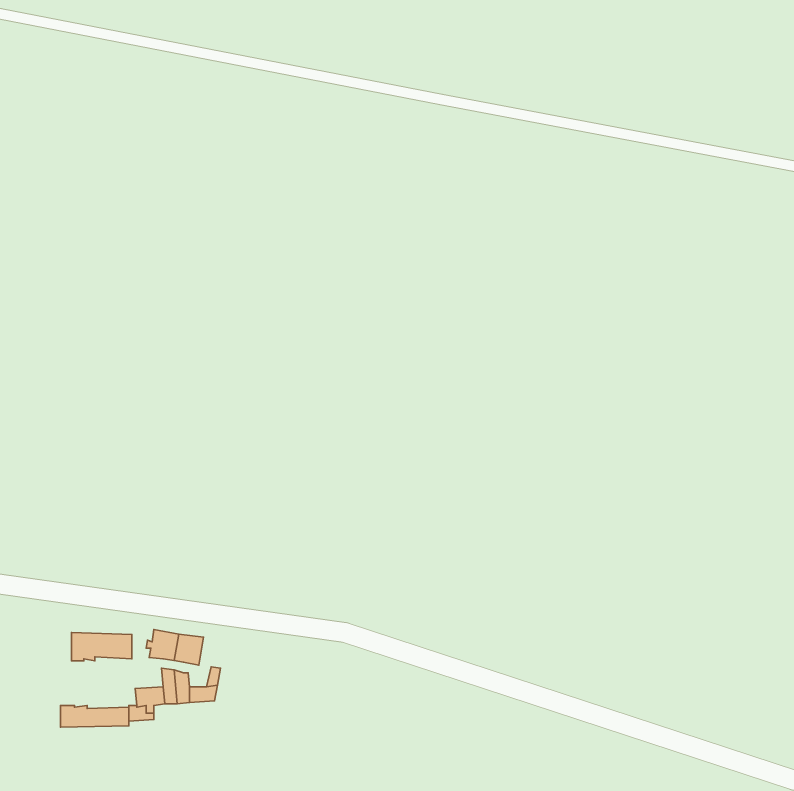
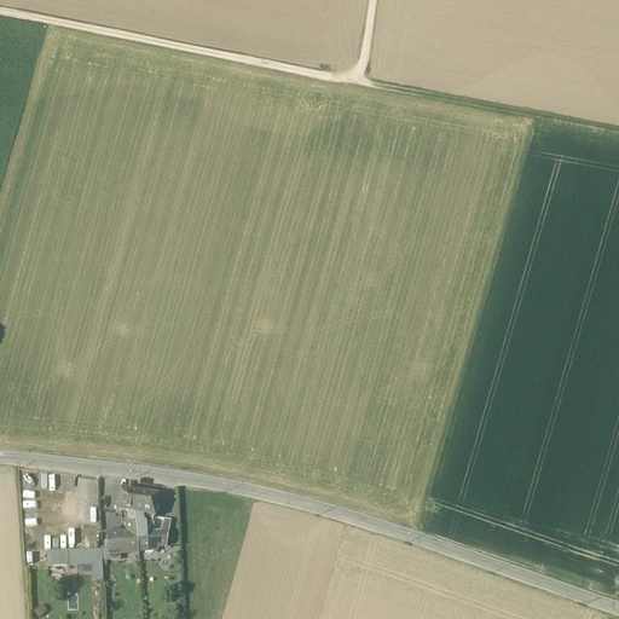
building: [71,633,132,661] -> none

